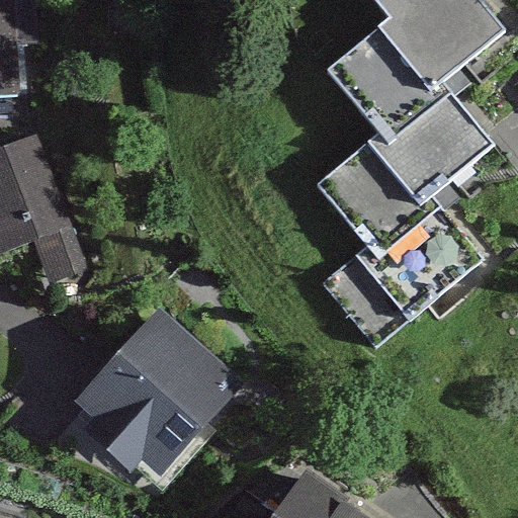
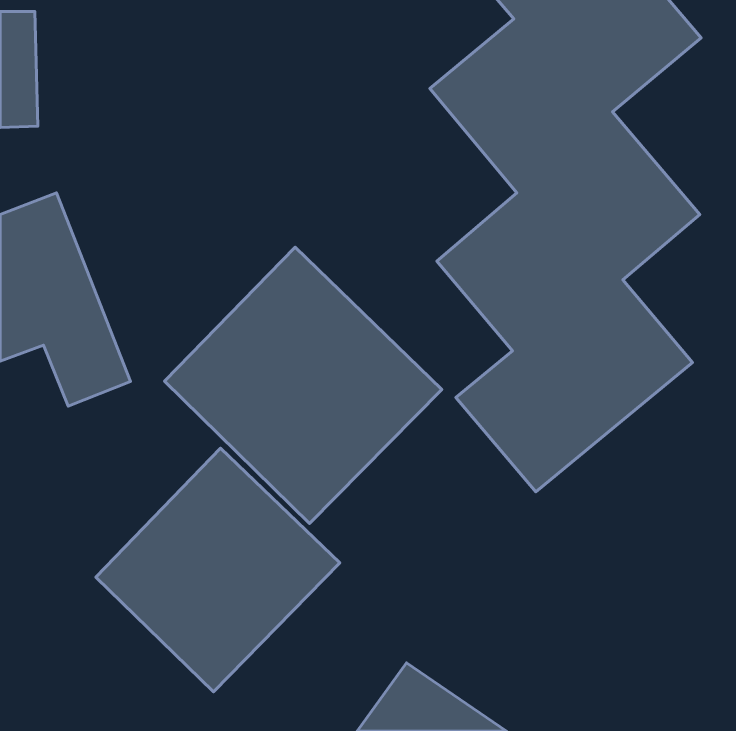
building: none -> [165,247,442,524]

